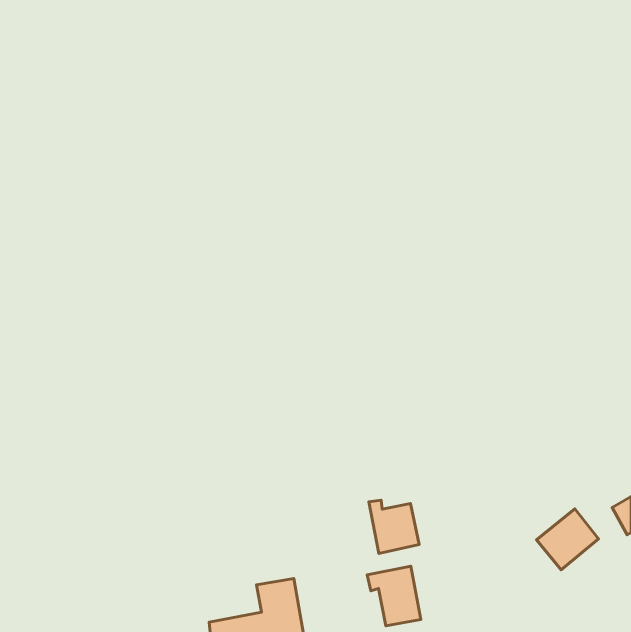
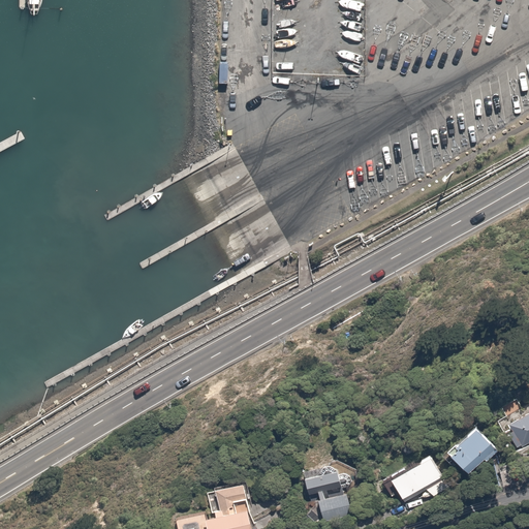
building: [369,500,419,553] -> none
building: none -> [390,455,446,502]

